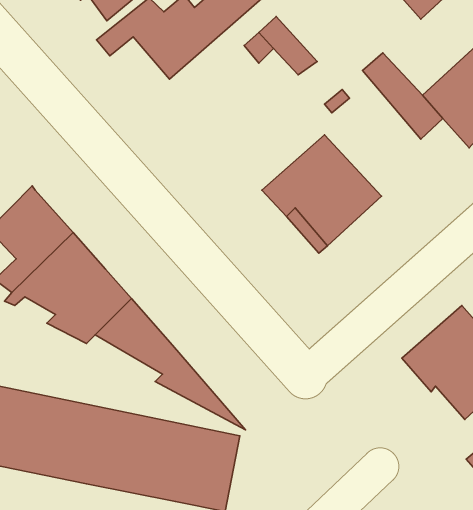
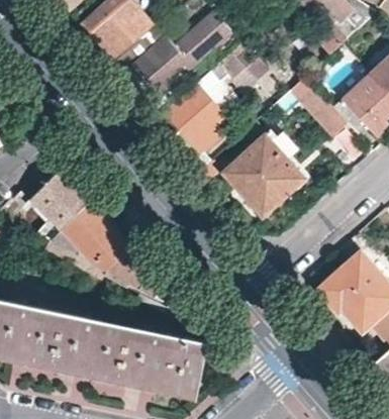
building: none -> [164,85,233,155]

